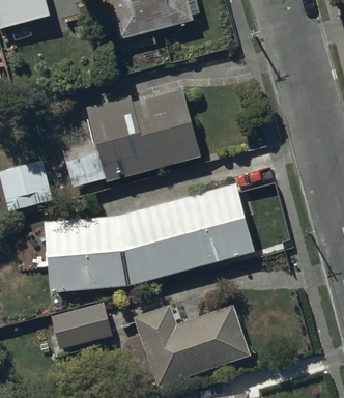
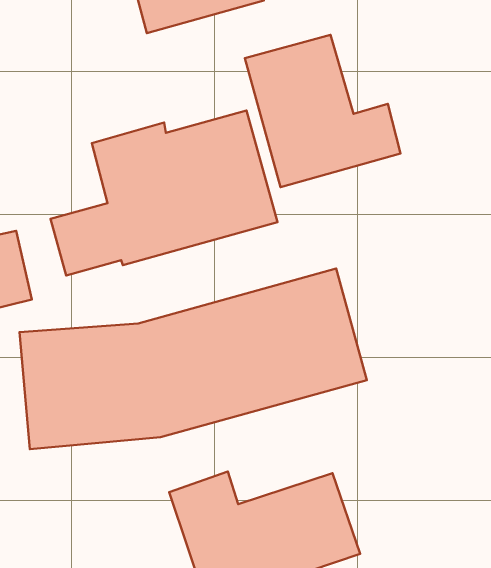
building: none -> [245,35,401,187]
building: [52,306,111,349] -> none

